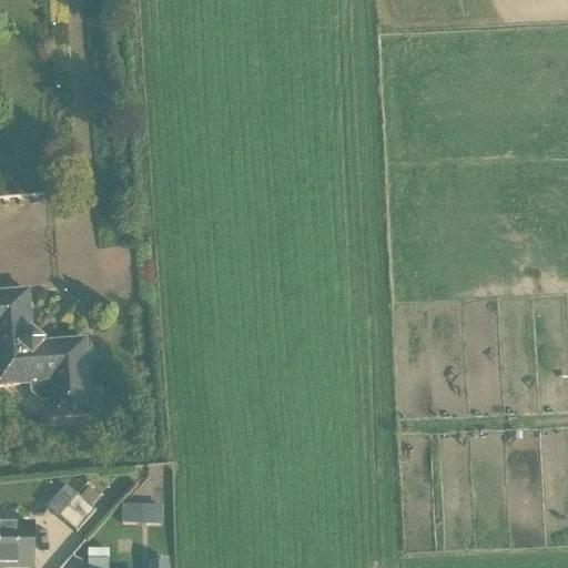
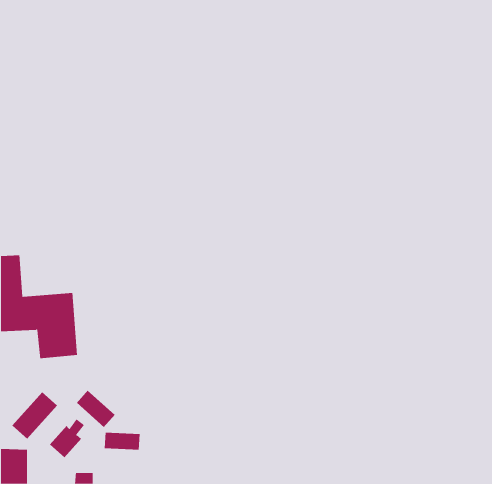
building: none -> [76,390,115,428]
building: none -> [12,391,58,439]

